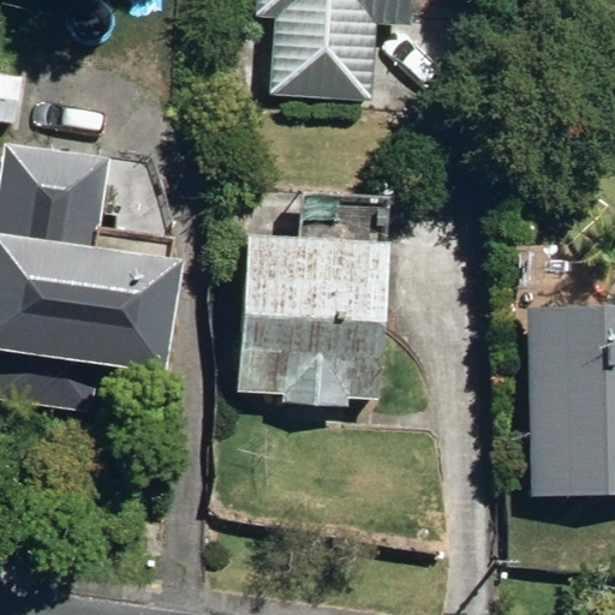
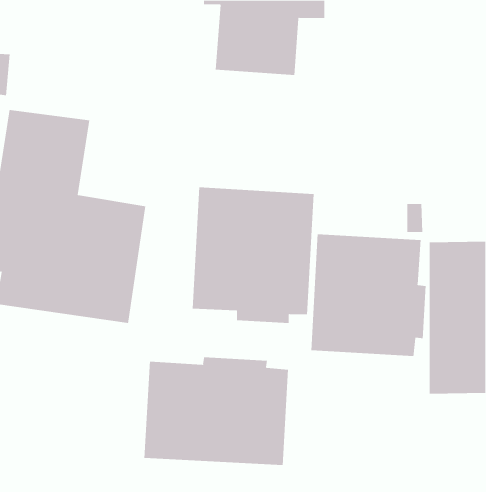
building: none -> [311,234,426,357]
building: none -> [144,357,289,466]

